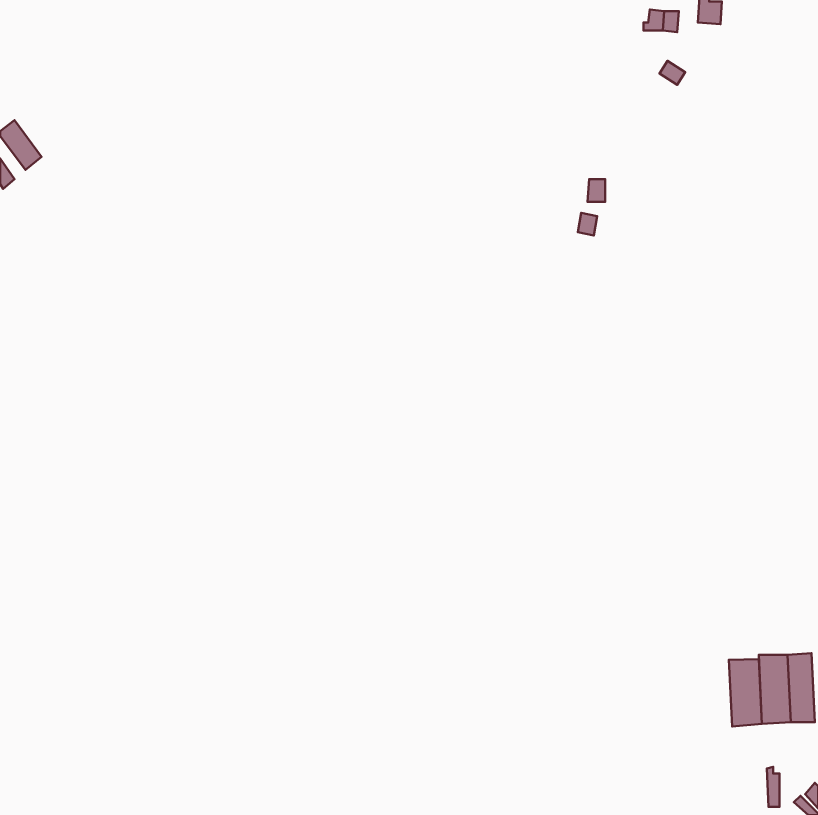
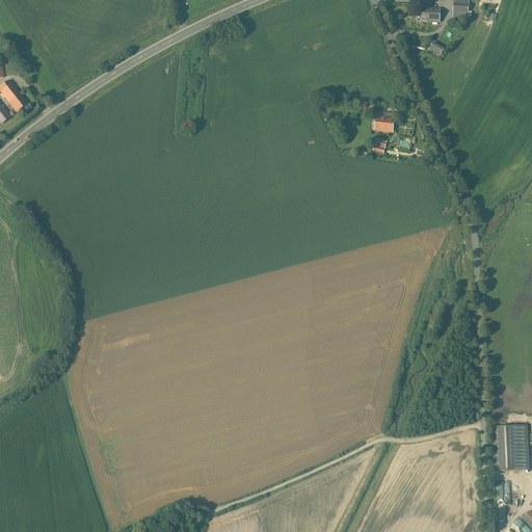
building: [729,659,762,726] -> none

